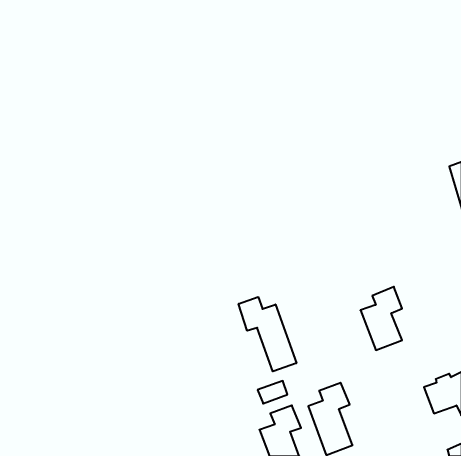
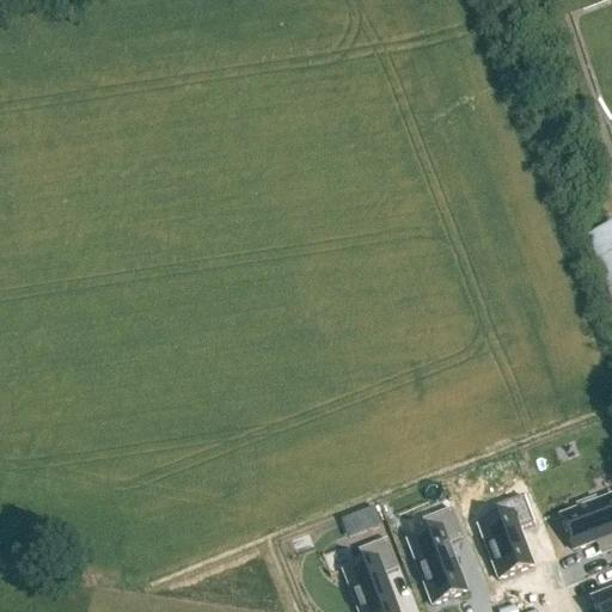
building: [360,287,402,350] -> [479,491,534,575]
building: [239,297,296,371] -> none

